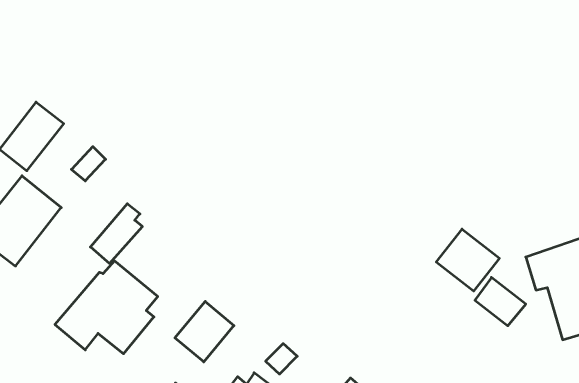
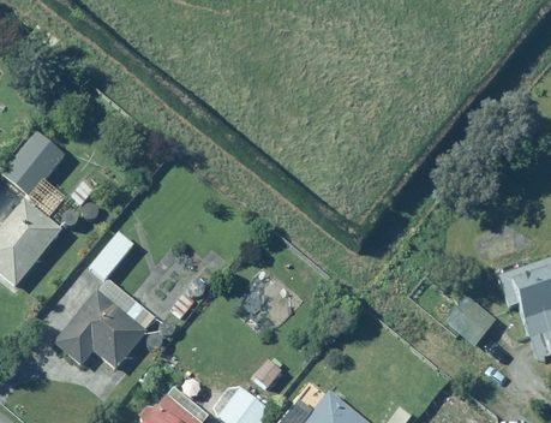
building: [436,229,499,291] -> none
building: [175,301,234,362] -> none

